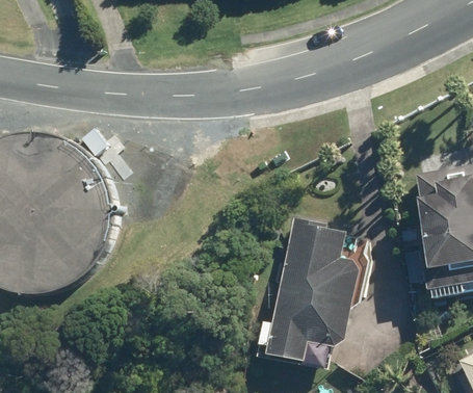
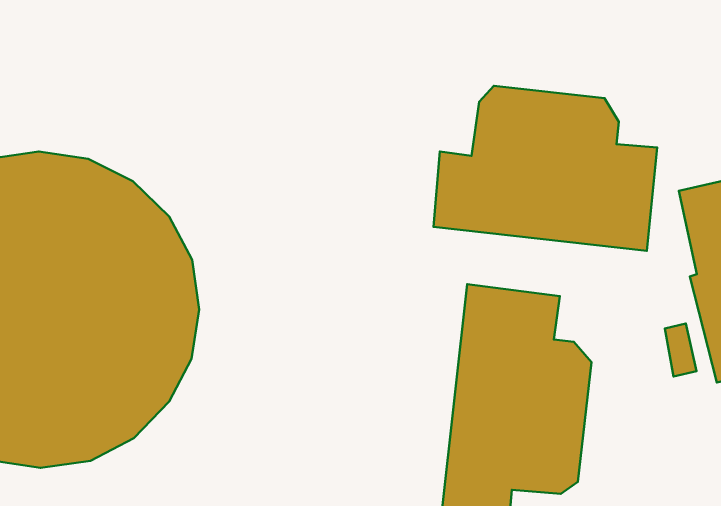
building: none -> [434,86,657,251]

